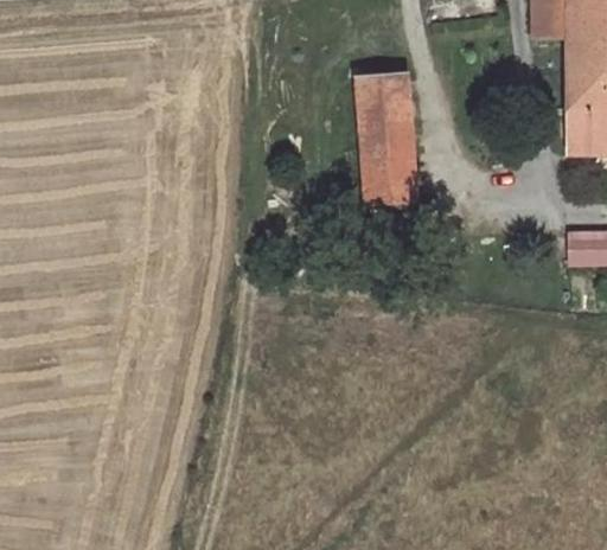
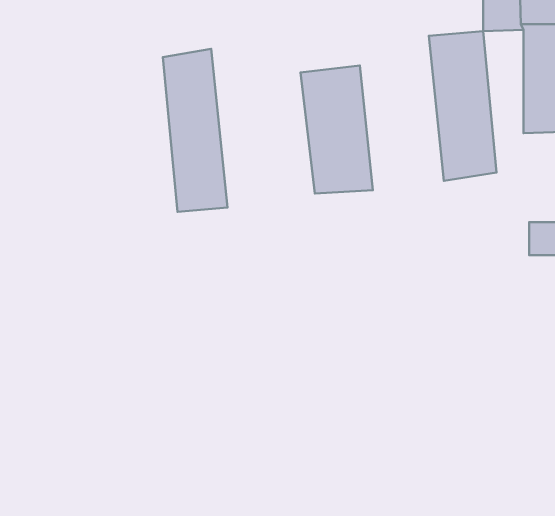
building: none -> [429,31,496,181]
building: none -> [163,49,228,212]

